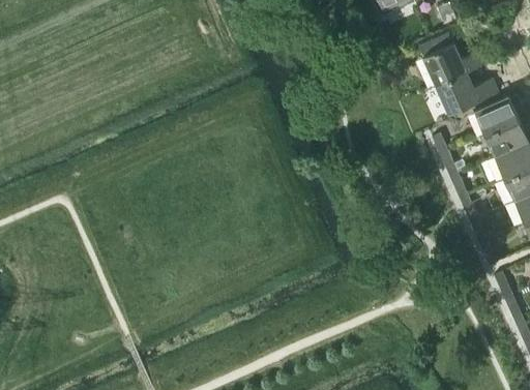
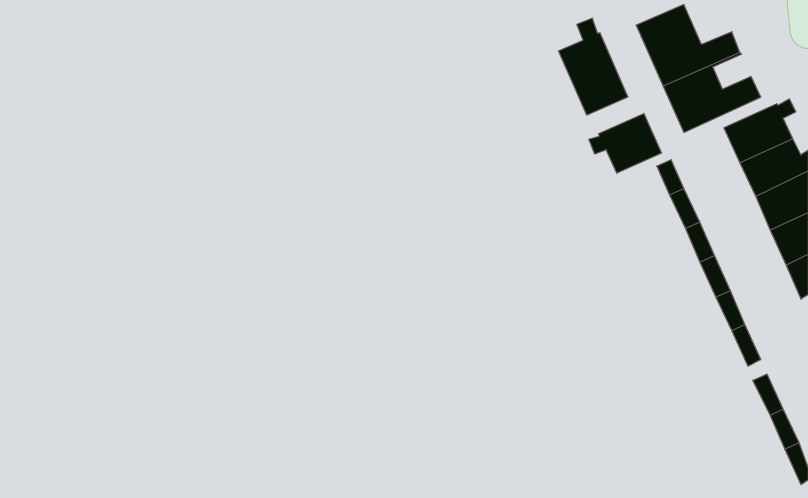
building: none -> [559,18,628,115]
building: none -> [589,113,662,173]

